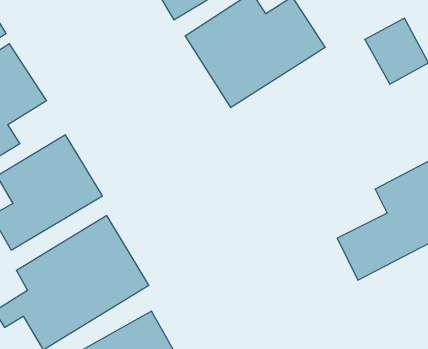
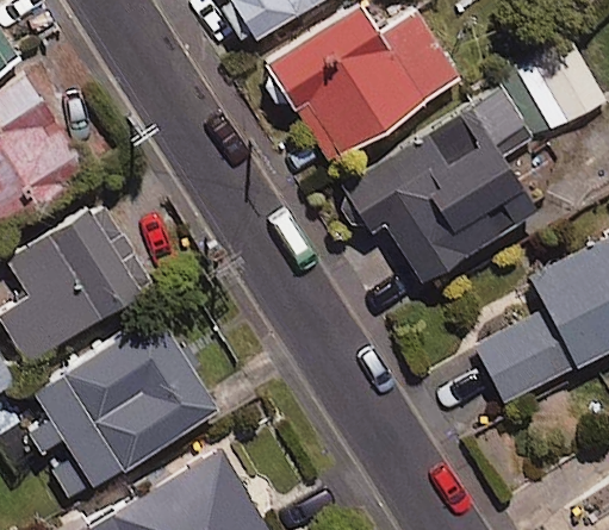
building: none -> [334,88,536,285]

